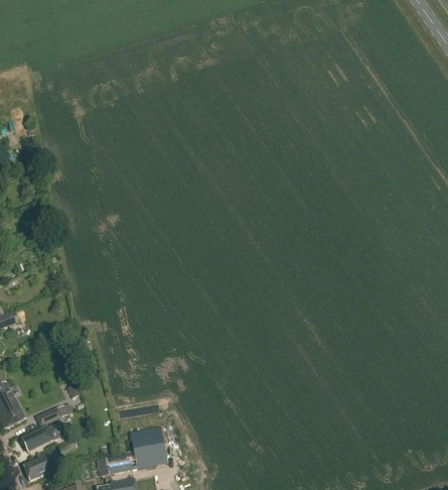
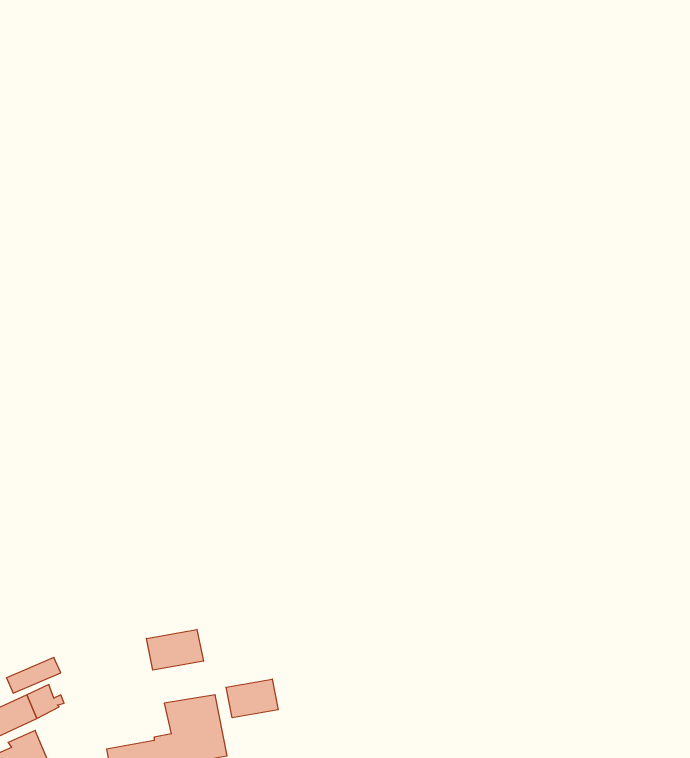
building: none -> [146,629,203,670]
building: none -> [226,679,278,718]

